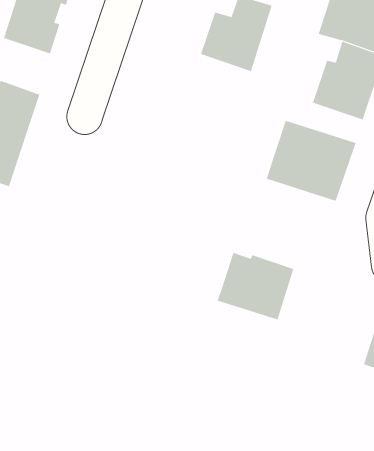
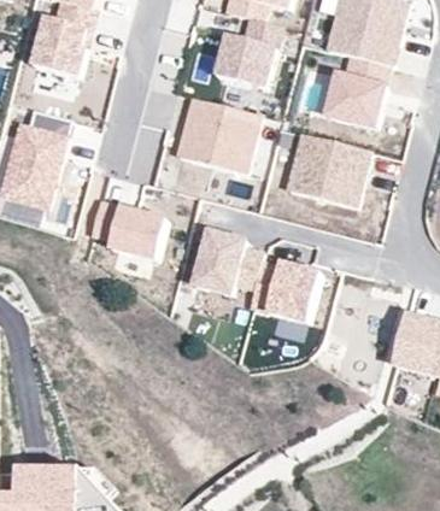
building: none -> [176,96,259,172]
building: none -> [88,201,163,258]
building: none -> [192,230,260,298]

